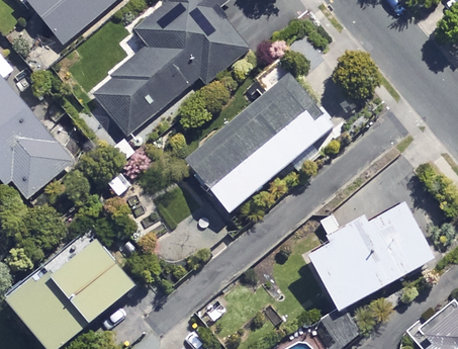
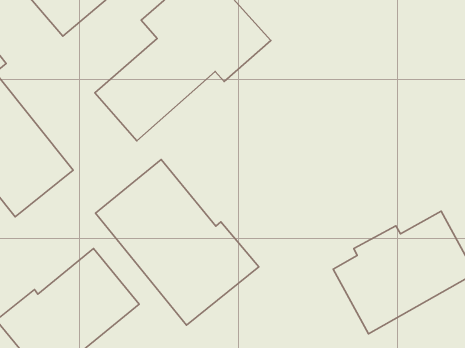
building: [184,60,330,211] -> none
building: none -> [95,159,259,325]

